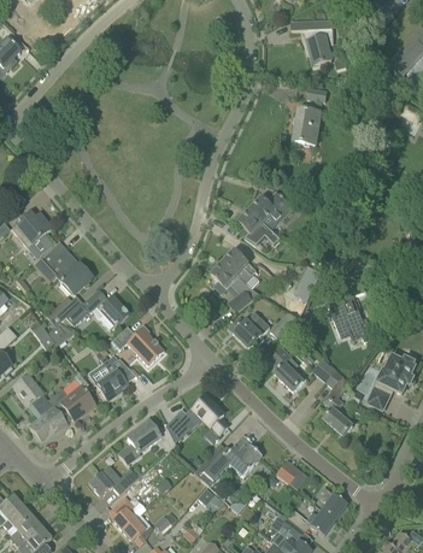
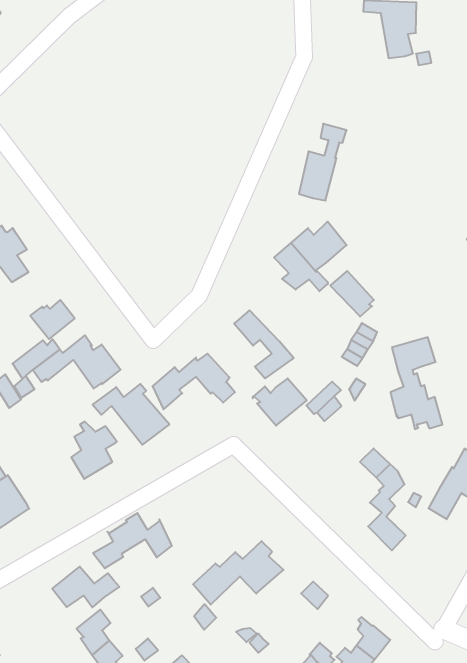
building: [294,87,327,145] -> [299,124,347,201]
building: [39,241,78,277] -> none
building: [222,249,255,283] -> [330,271,374,317]
building: [269,347,307,390] -> none
building: [48,384,94,419] -> none
building: [165,396,228,441] -> [152,354,235,409]

